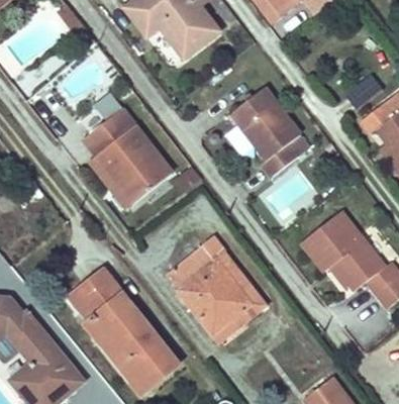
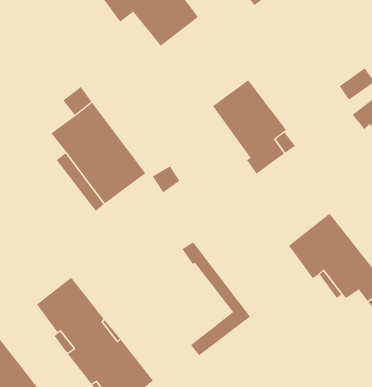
building: [166,243,250,331] -> none

